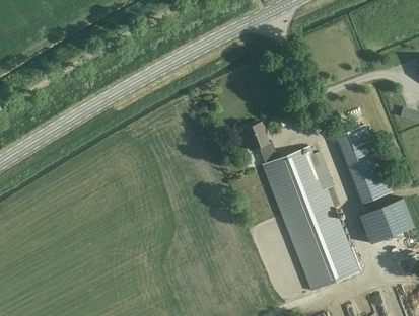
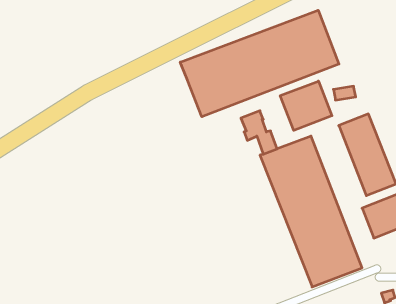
building: none -> [180,10,339,117]
building: none -> [280,81,332,130]

